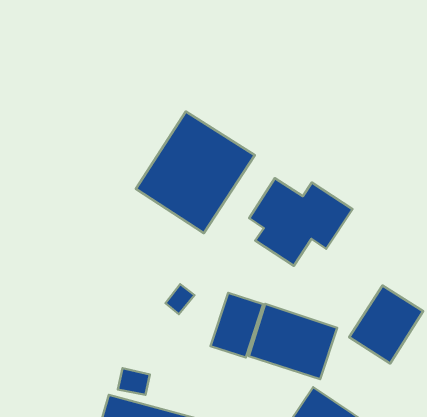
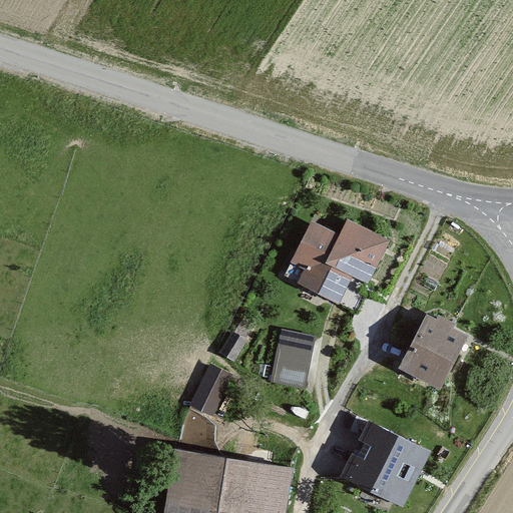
building: [136,112,255,233] -> none
building: [249,304,337,379] -> none
building: none -> [189,367,231,420]

